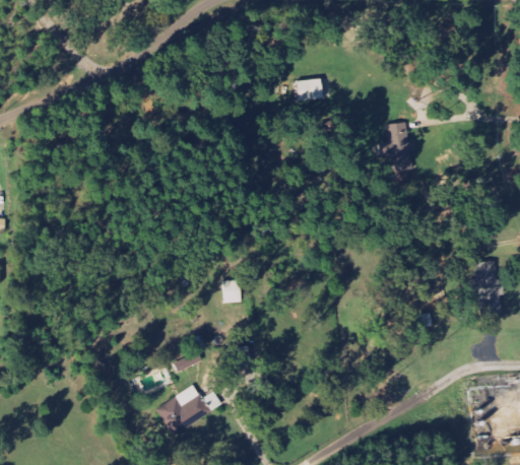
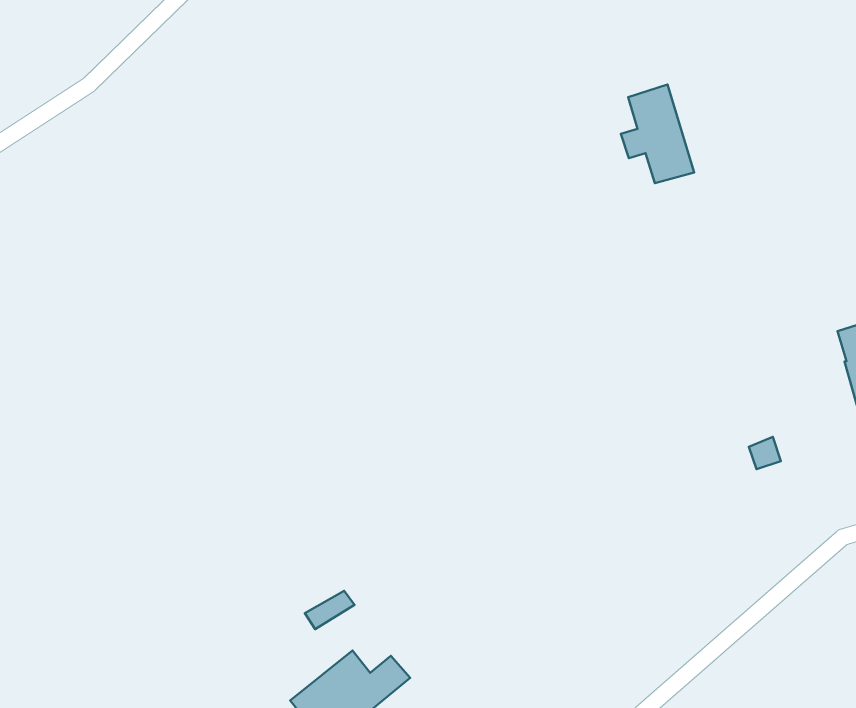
building: [295,77,322,101] -> none
building: [221,280,239,303] -> none

